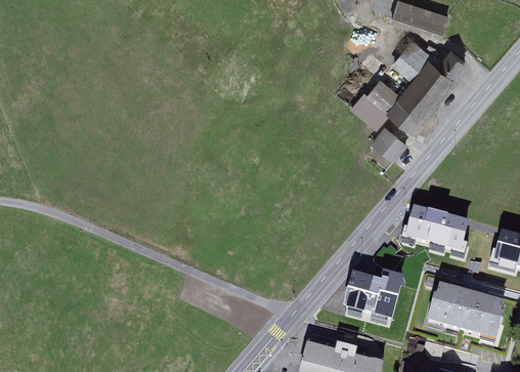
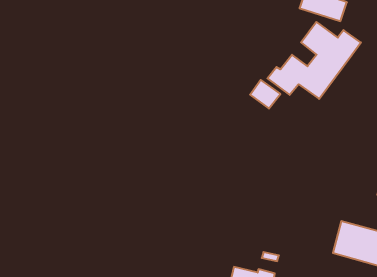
building: [370,124,407,160] -> [250,80,280,109]
building: [398,196,466,246] -> none
building: [340,266,403,322] -> none

